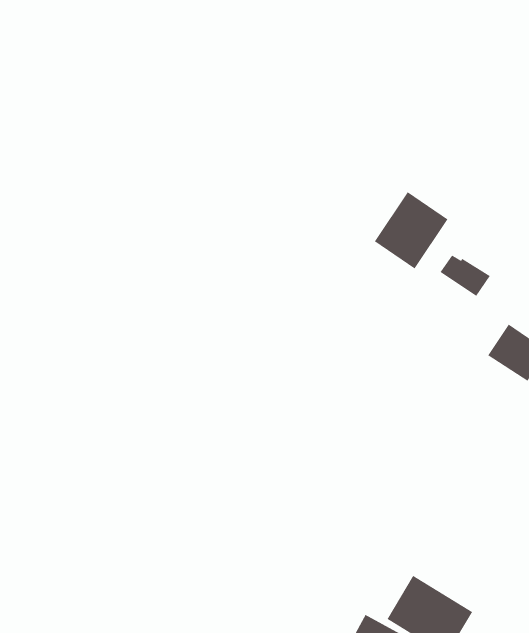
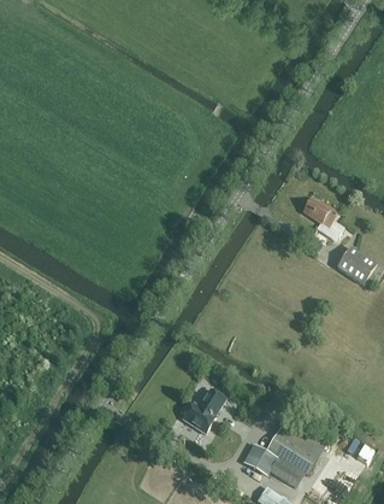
building: [374,191,448,270] -> none
building: none -> [183,388,225,433]

